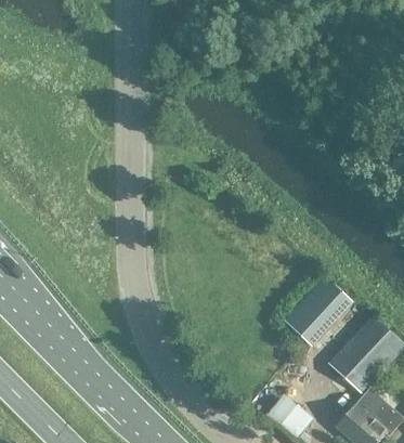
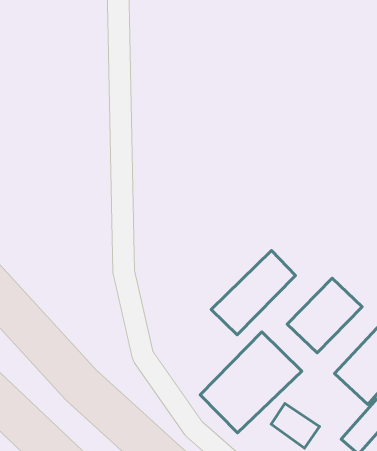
building: none -> [211,250,295,335]
building: none -> [200,332,302,433]

